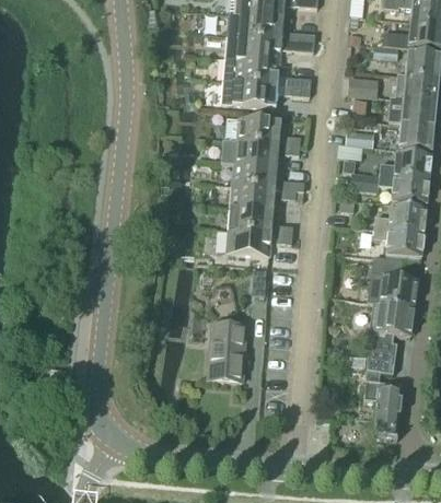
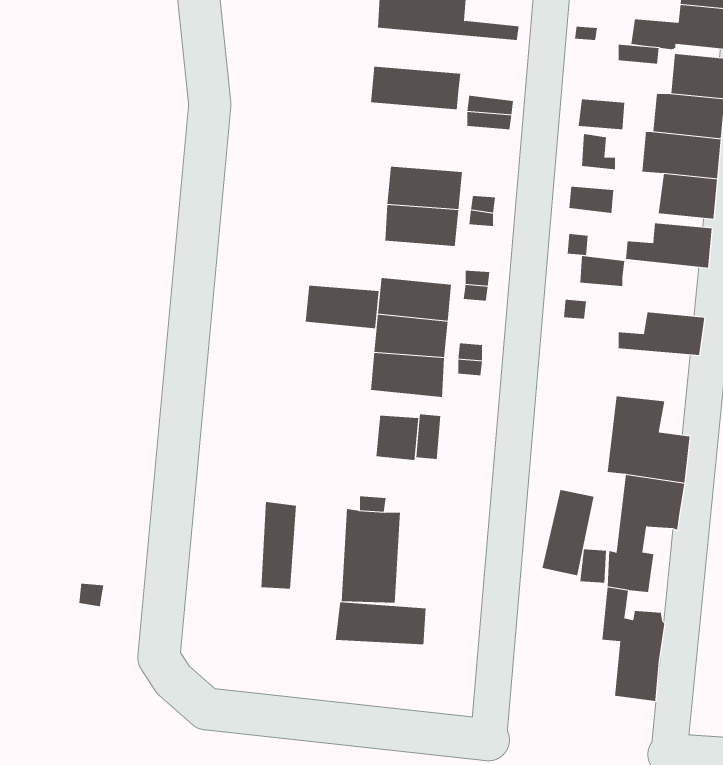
building: [228,36,314,63] -> none
building: [223,81,278,108] -> none
building: [232,164,277,190] -> [305,285,379,329]
building: [378,175,429,204] -> none
building: [373,229,423,257] -> none
building: none -> [376,415,419,461]
building: none -> [542,489,594,576]
building: none -> [261,501,296,589]
building: none -> [335,601,426,645]

